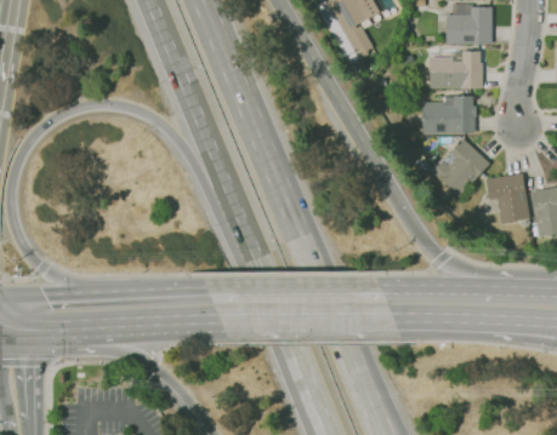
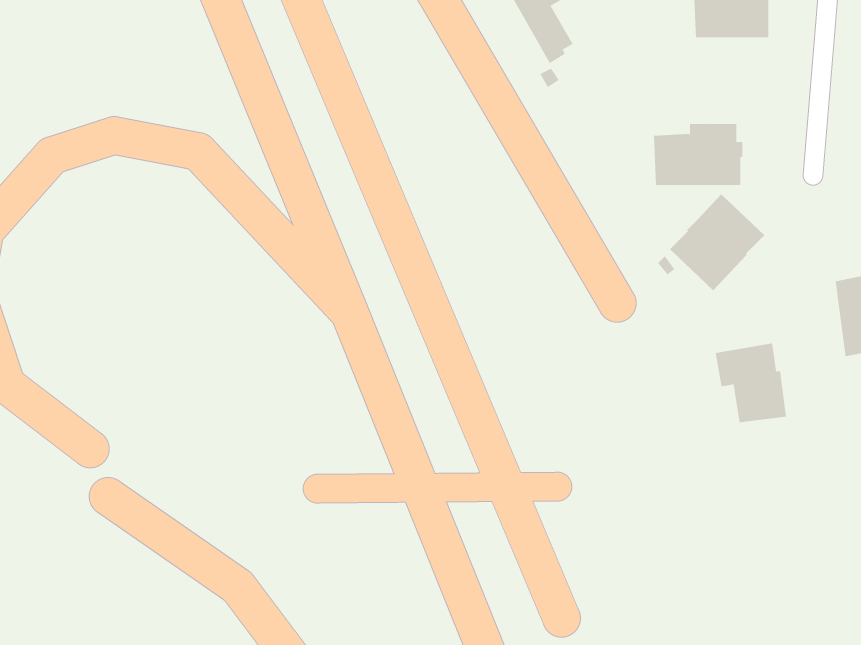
building: [430,51,482,88] -> none
building: [485,173,529,222] -> [715,343,787,423]

